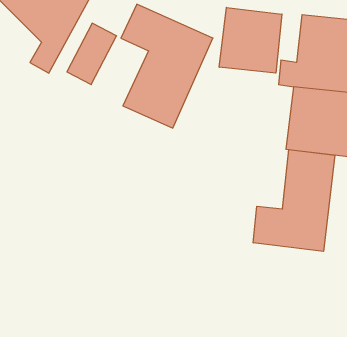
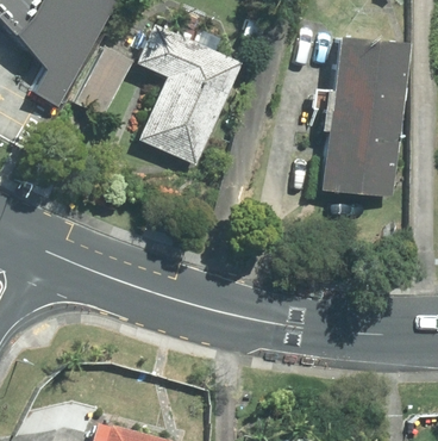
building: [219,7,282,73] -> none
building: [253,150,335,251] -> none

